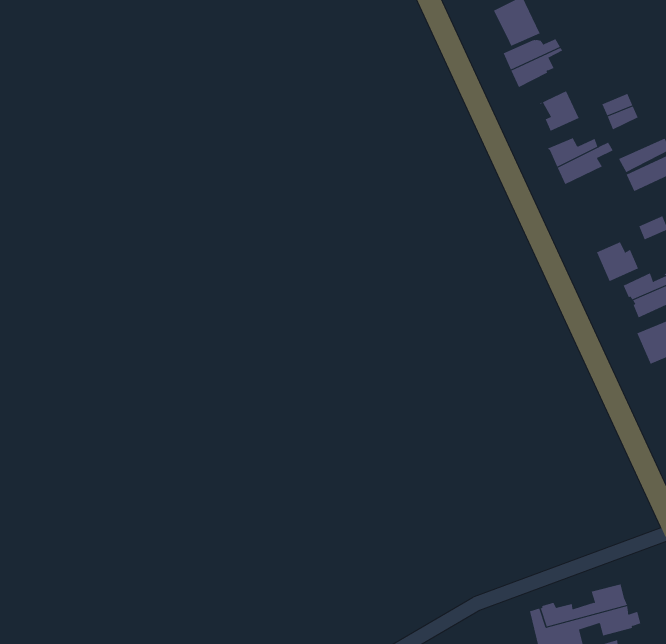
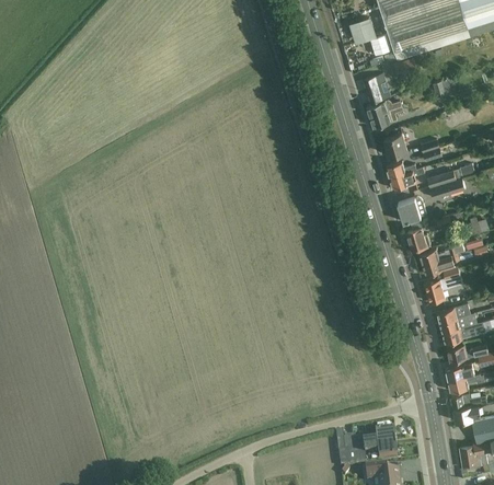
building: none -> [398,197,427,222]

